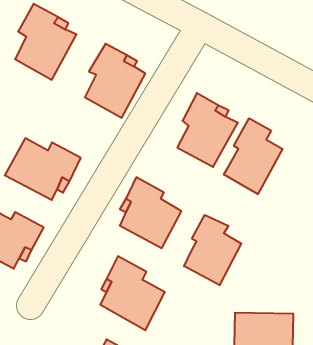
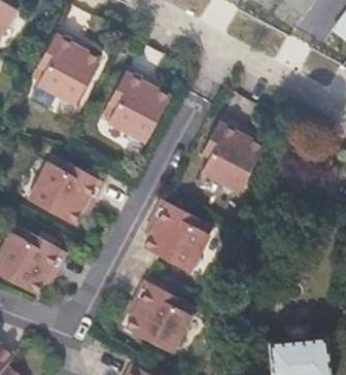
building: [224,118,283,194] -> none
building: [184,215,241,285] -> none

